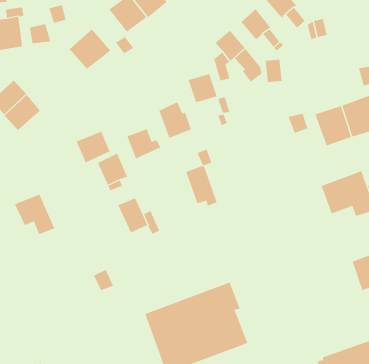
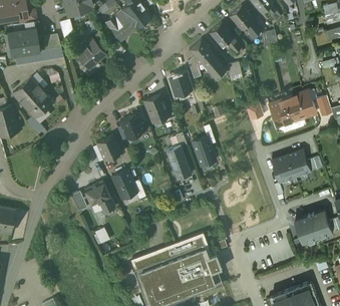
building: [76,131,110,163] -> none
building: none -> [193,137,215,166]
building: [14,194,55,235] -> [83,182,115,214]

